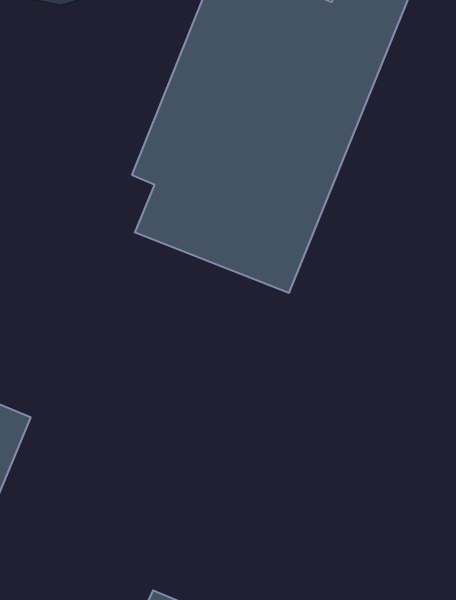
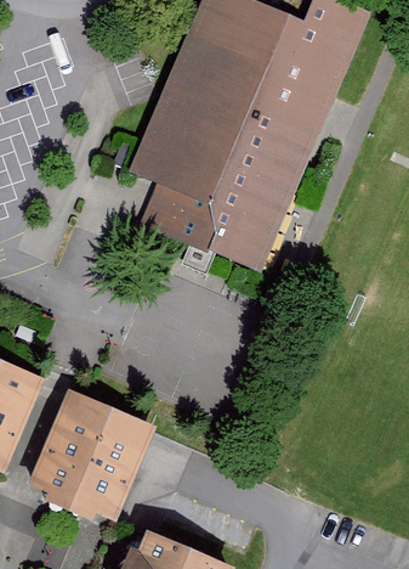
building: none -> [29,390,154,520]

